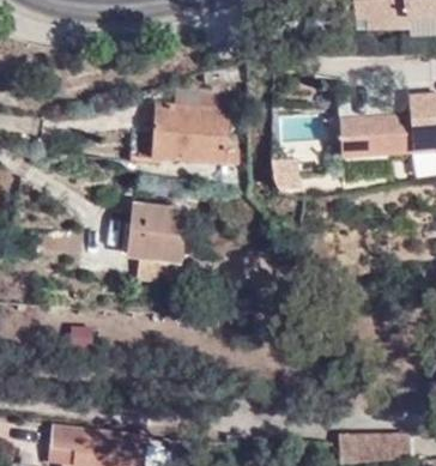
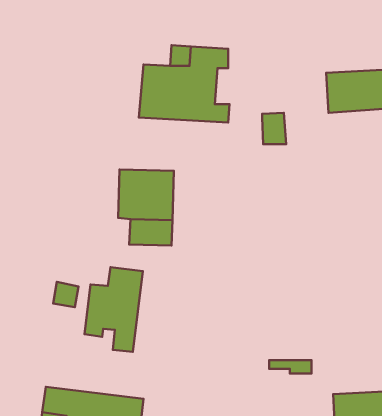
building: none -> [84,267,143,352]

